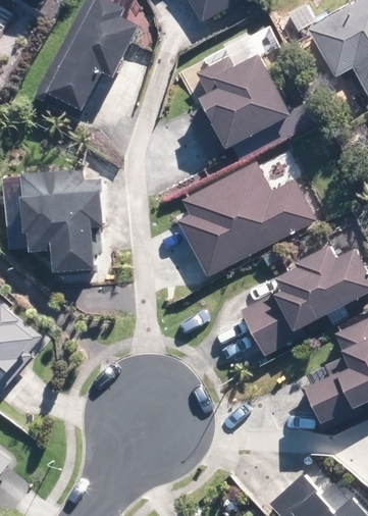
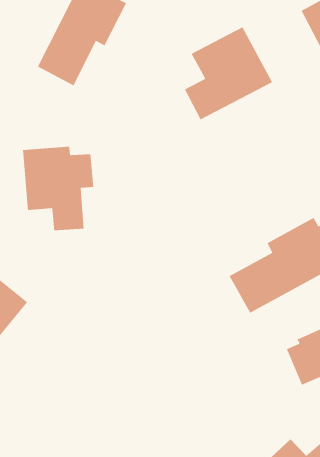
building: [183,165,313,268] -> none

